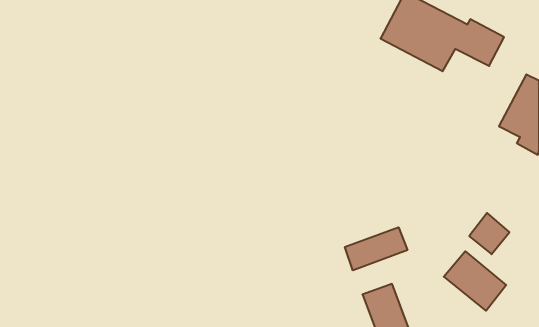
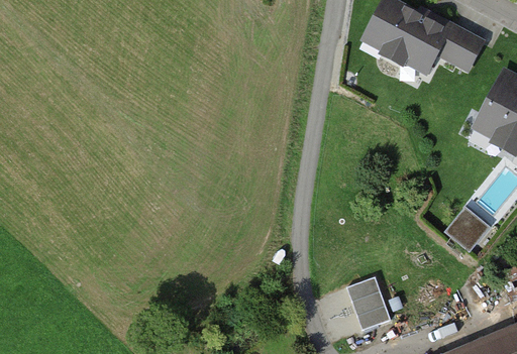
building: [345,227,407,270] -> none
building: [444,251,506,311] -> none

